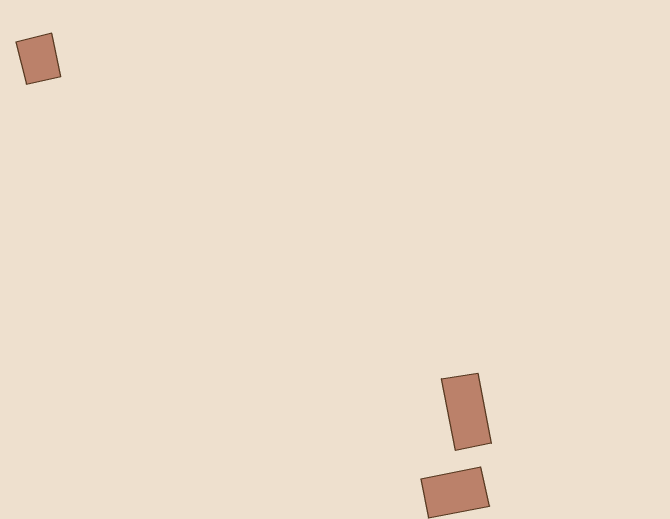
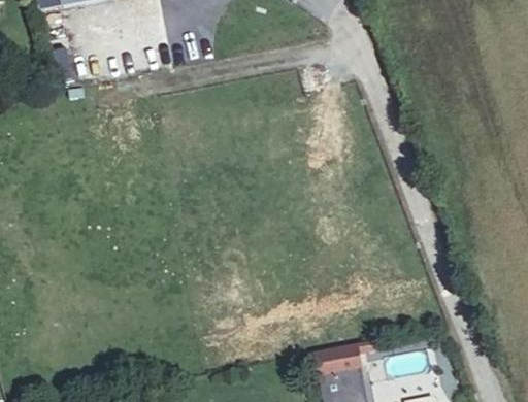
building: [442,373,491,450] -> none

